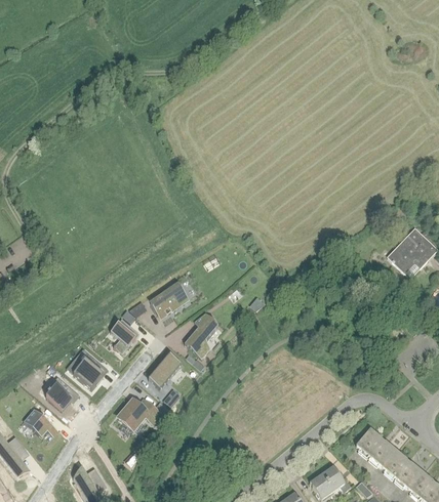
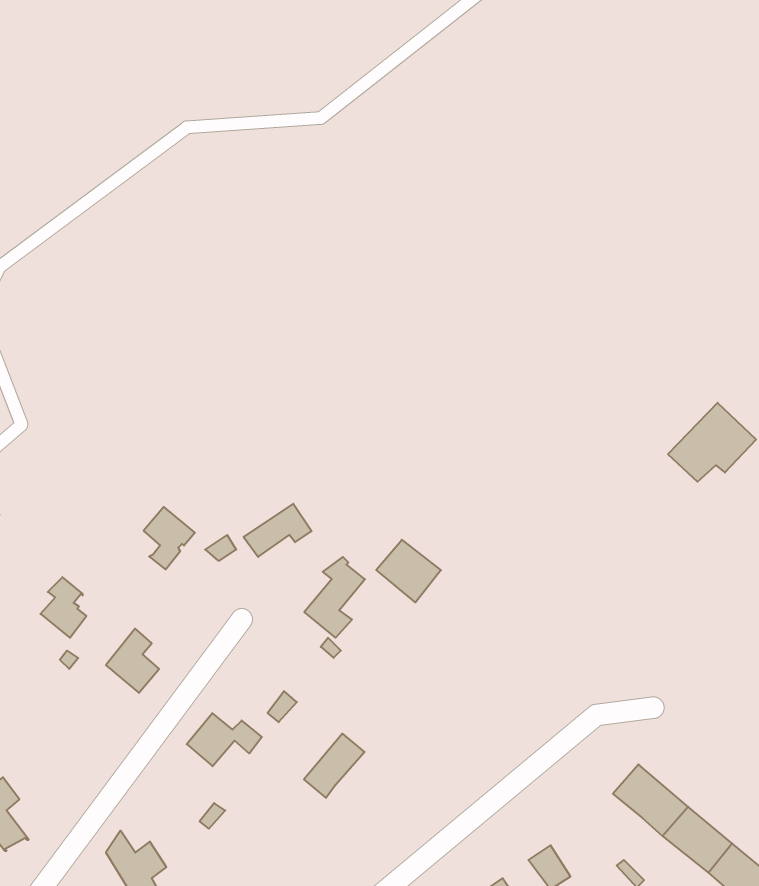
building: none -> [376,540,441,602]
building: [110,318,138,352] -> [144,507,195,569]
building: [150,354,184,390] -> [304,734,365,798]
building: [45,376,71,410] -> [40,577,86,638]
building: [24,408,57,435] -> none
building: [321,465,351,491] -> none

